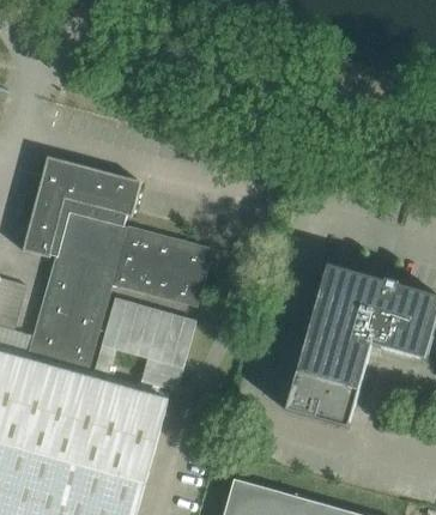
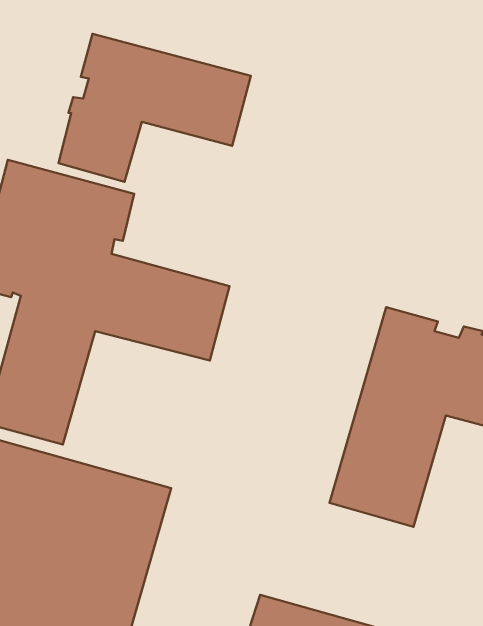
building: none -> [58,34,251,182]
building: [96,297,195,392] -> none

